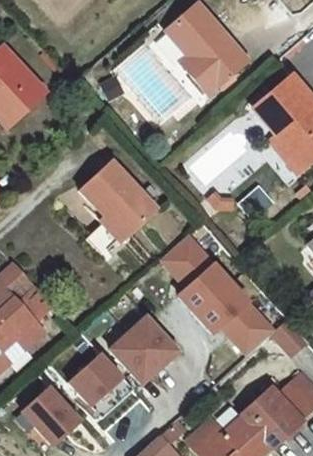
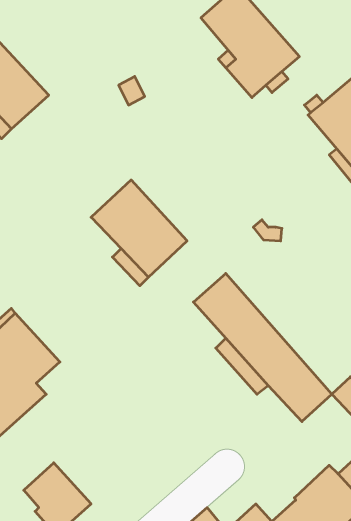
building: [109,311,185,387] -> none
building: [68,352,132,417] -> none

